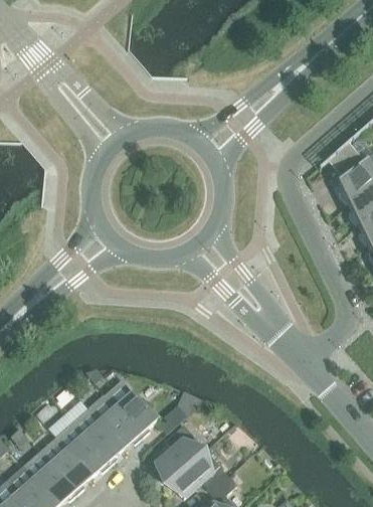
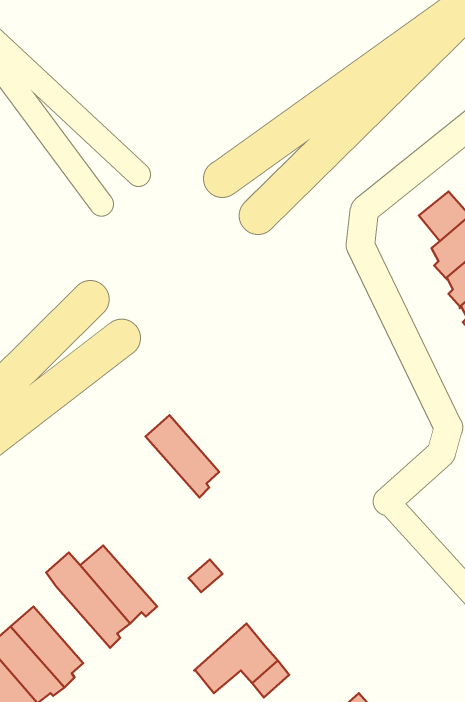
building: [107,378,159,437] -> [145,415,219,498]
building: [49,412,112,477] -> none
building: [155,424,208,482] -> none

